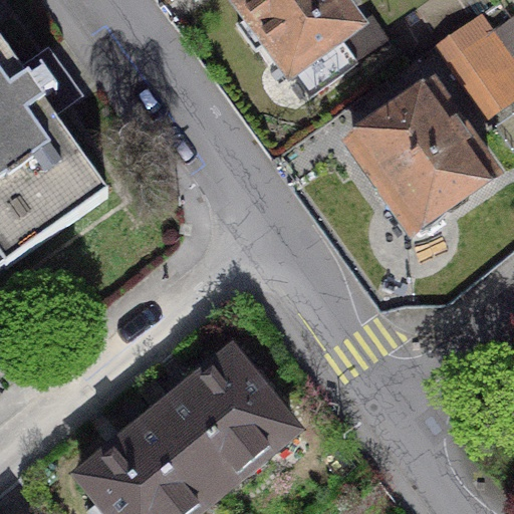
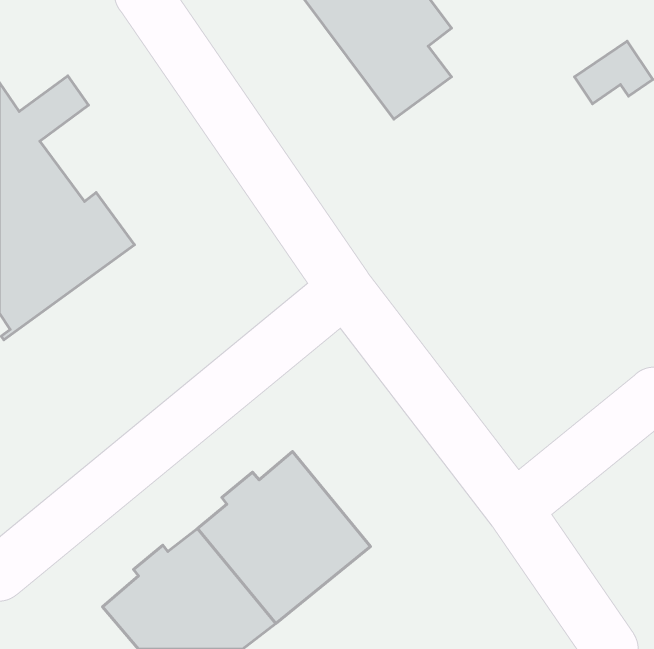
building: [351,87,491,228] -> none

